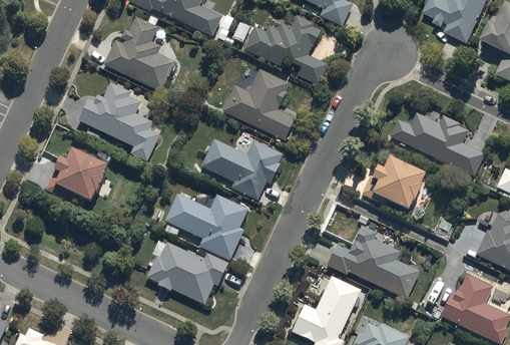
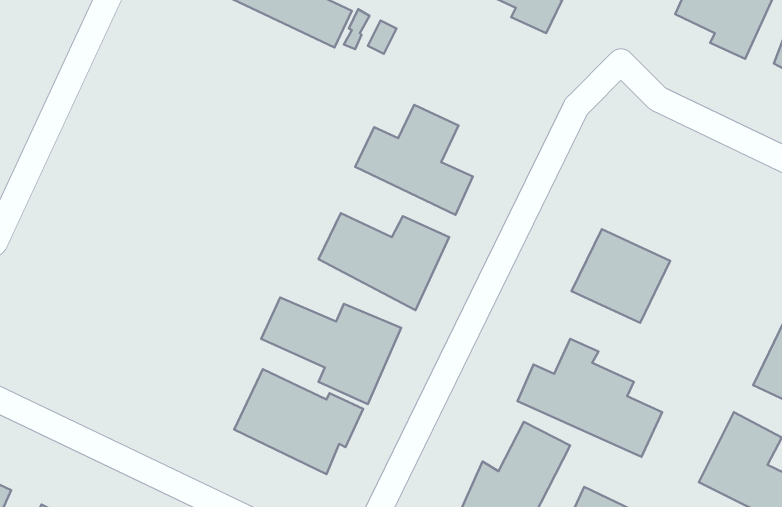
building: [105,16,175,93] -> none
building: [242,20,330,89] -> none
building: [81,88,160,161] -> none
building: [388,108,484,169] -> none
building: [47,148,109,206] -> none

